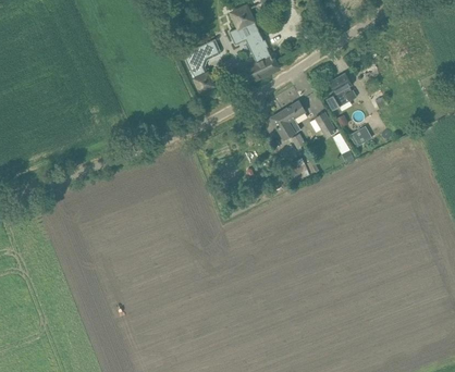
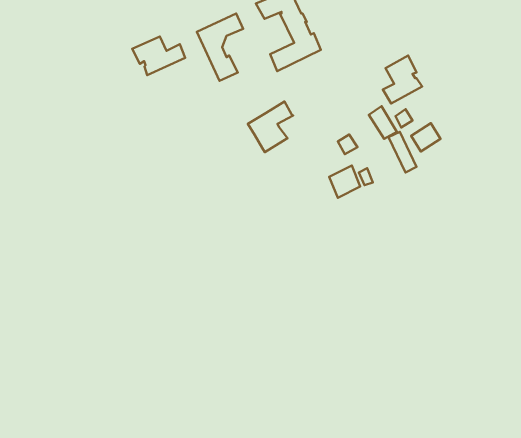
building: none -> [132,37,185,75]
building: [270,100,305,139] -> [248,101,293,152]

